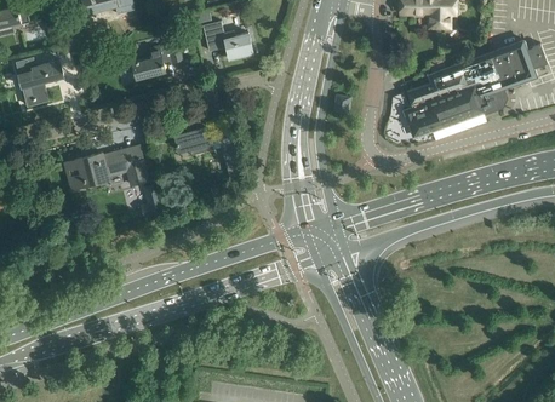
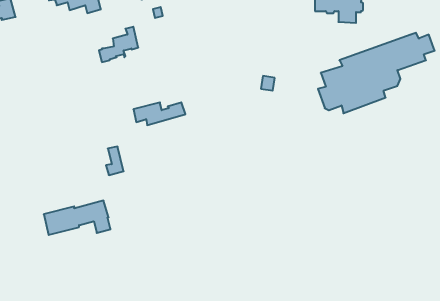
building: [202,23,251,57] -> none
building: [18,62,63,108] -> none
building: [64,148,147,190] -> [44,201,111,235]

